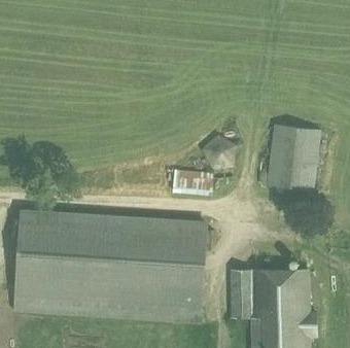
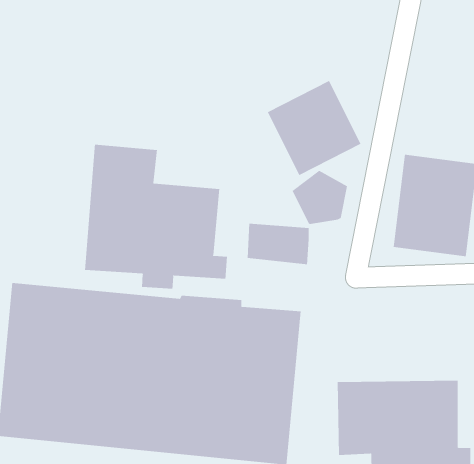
building: none -> [267,80,361,176]
building: none -> [85,144,228,289]

